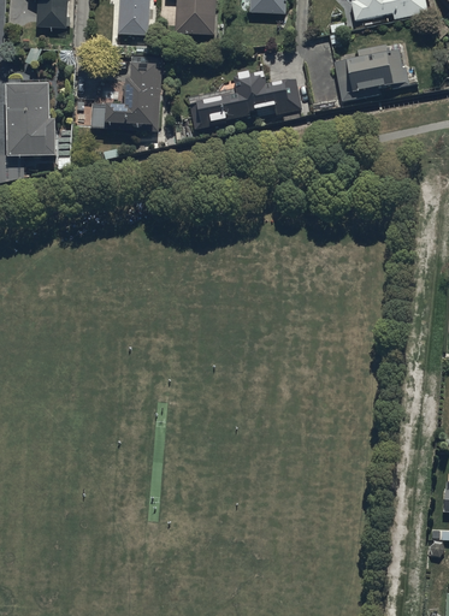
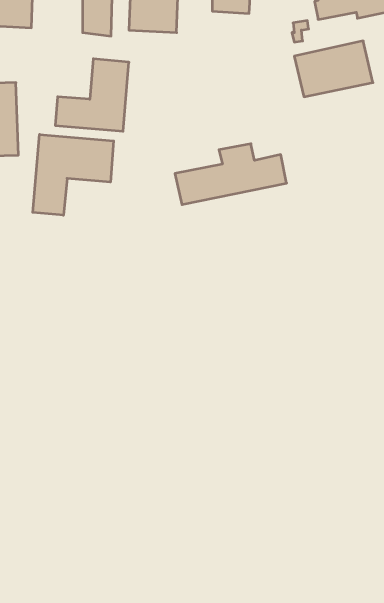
building: [189,70,302,131] -> [175,144,287,205]
building: none -> [33,134,114,215]

